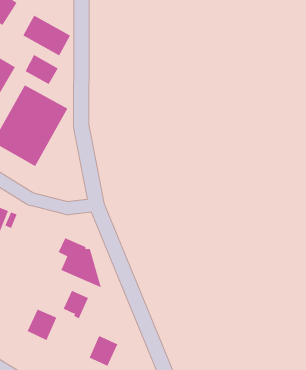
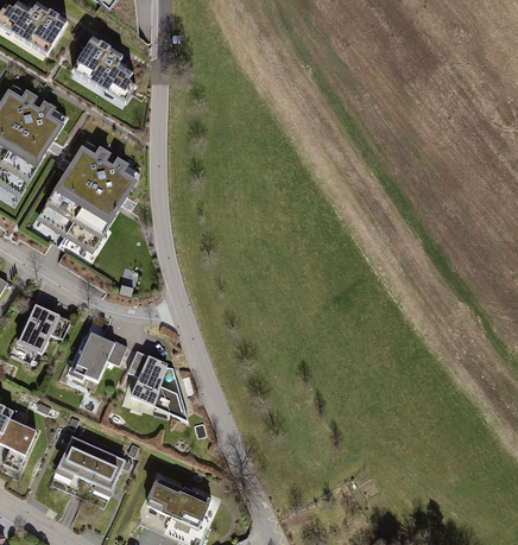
building: [25,54,58,85] -> none
building: none -> [72,330,126,380]
building: [63,290,89,319] -> [146,475,182,515]
building: none -> [56,435,97,479]

